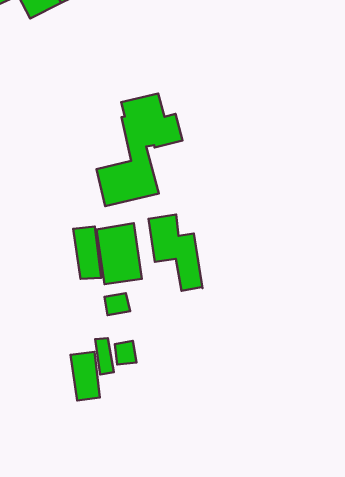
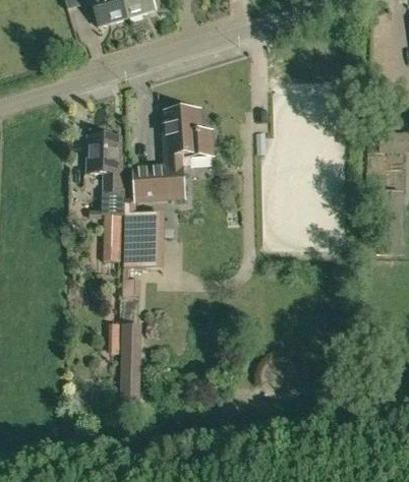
building: none -> [86,135,120,192]
building: [148,215,202,291] -> none
building: [70,352,100,400] -> [119,349,141,390]

